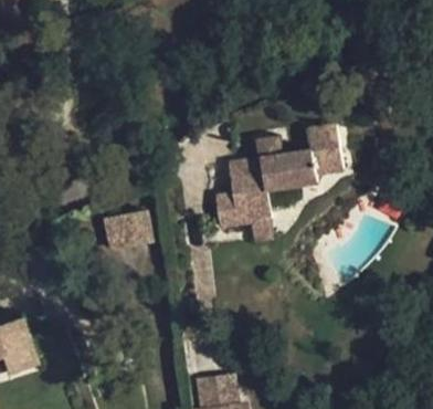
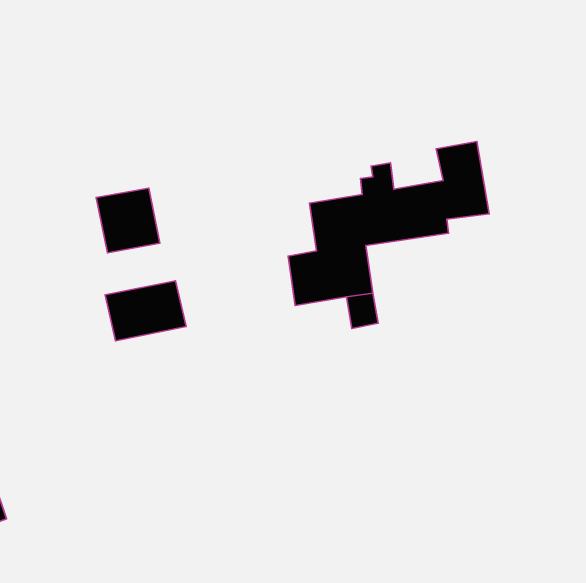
building: none -> [96,188,160,253]

